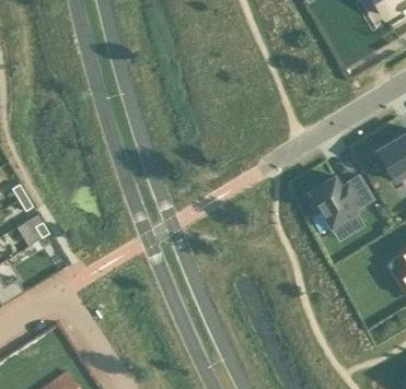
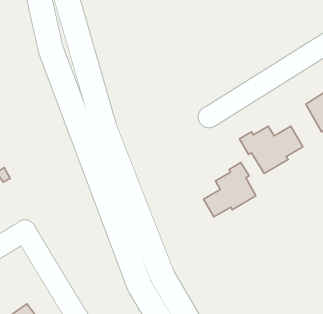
building: none -> [203,163,256,217]

